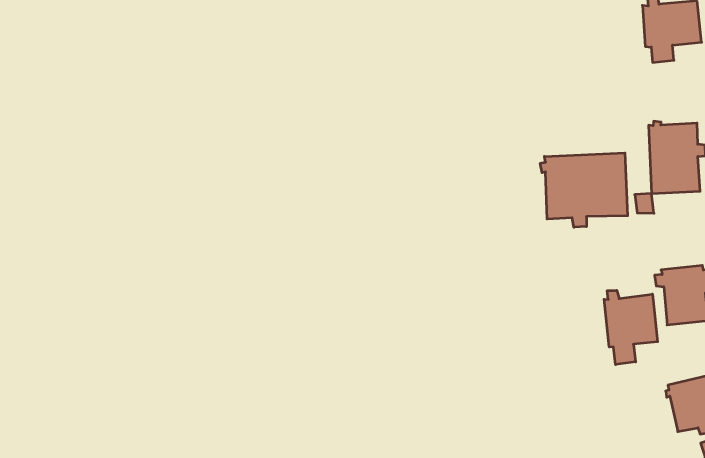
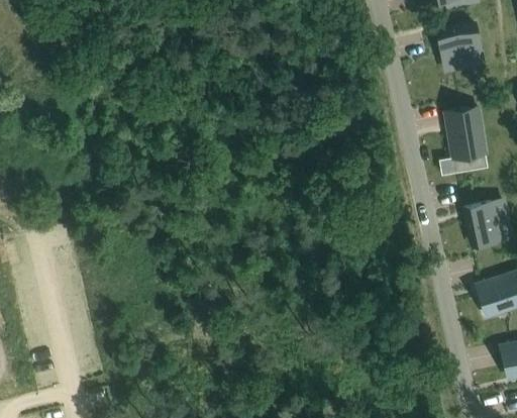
building: [540,153,628,227] -> none
building: [604,290,658,365] -> none

